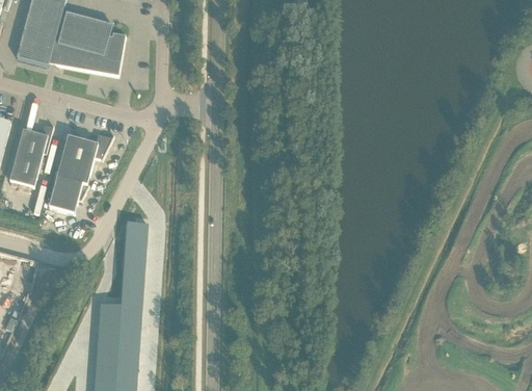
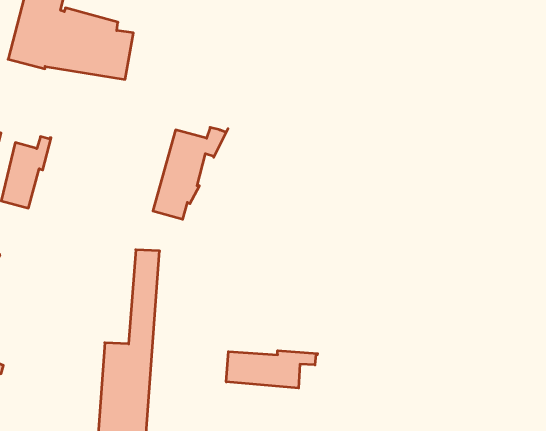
building: [48,133,113,213] -> [153,127,228,219]
building: none -> [226,351,318,388]

